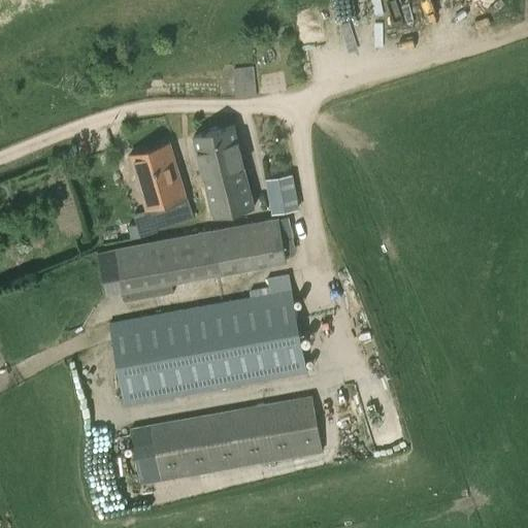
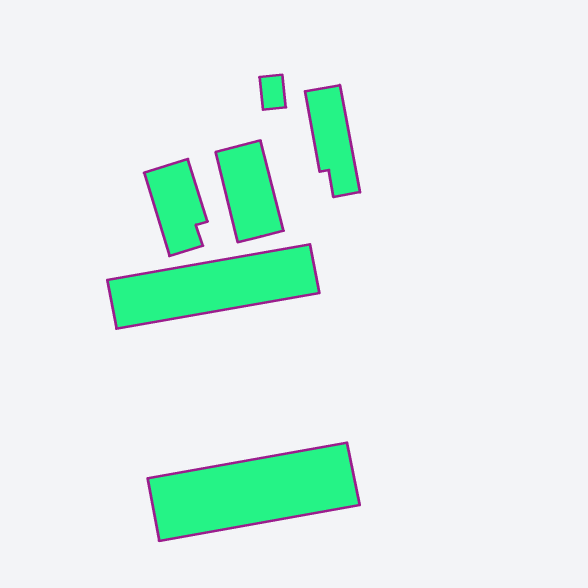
building: none -> [305,85,360,197]
building: [264,175,298,214] -> none
building: [112,274,306,407] -> none

